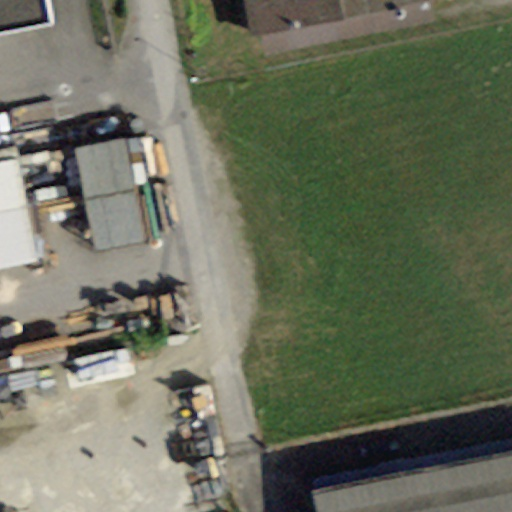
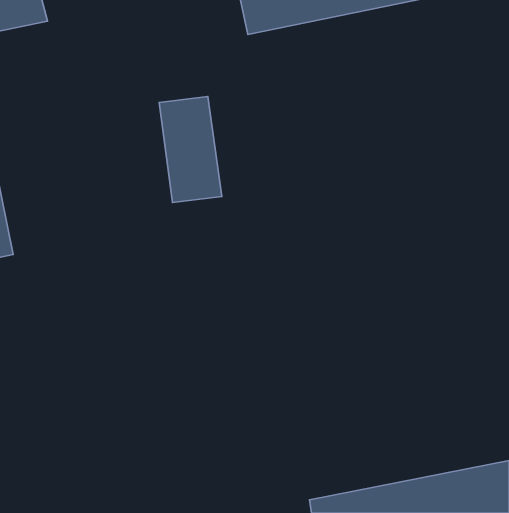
building: [81,132,143,237] -> [159,97,222,203]

